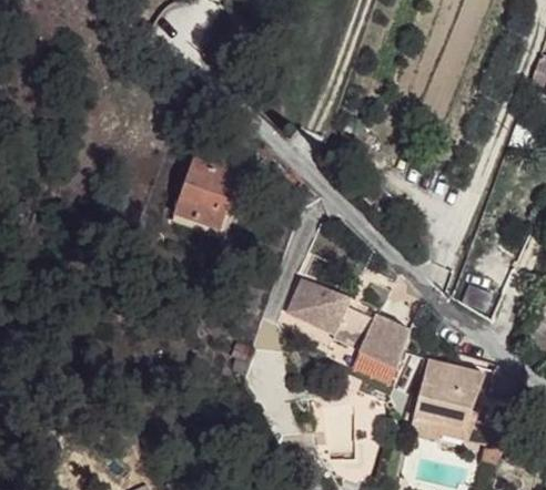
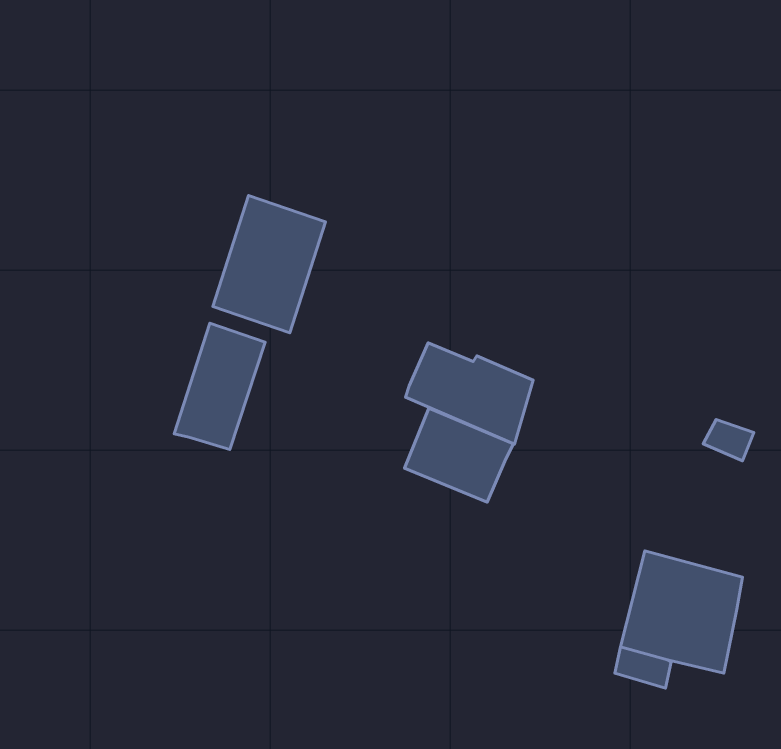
building: none -> [174,323,265,450]
building: [333,308,408,368] -> [406,343,533,444]

